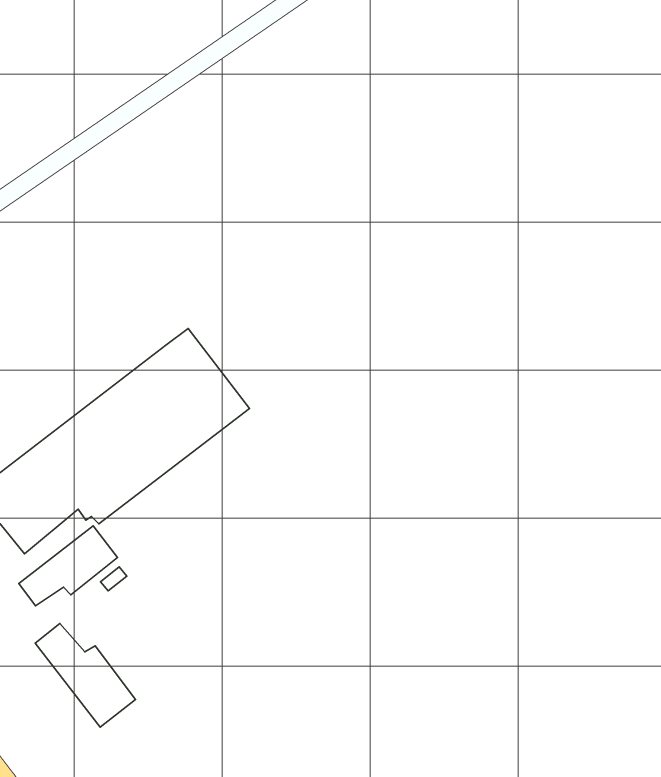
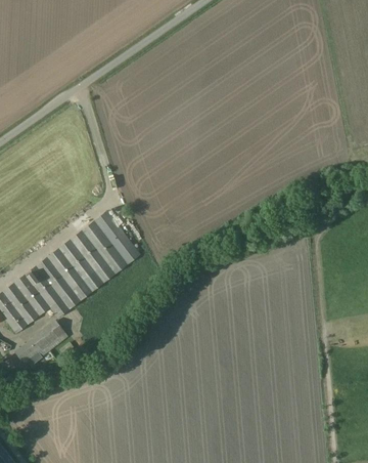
building: [35,624,135,727] -> none

